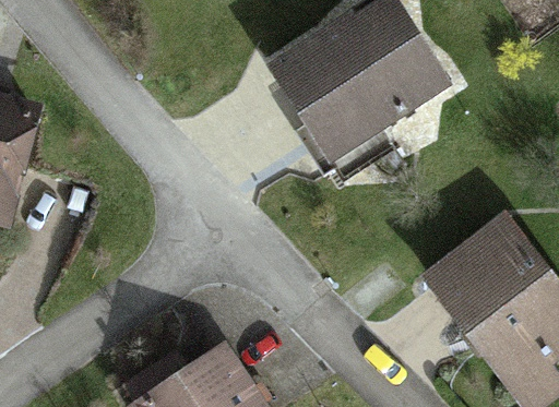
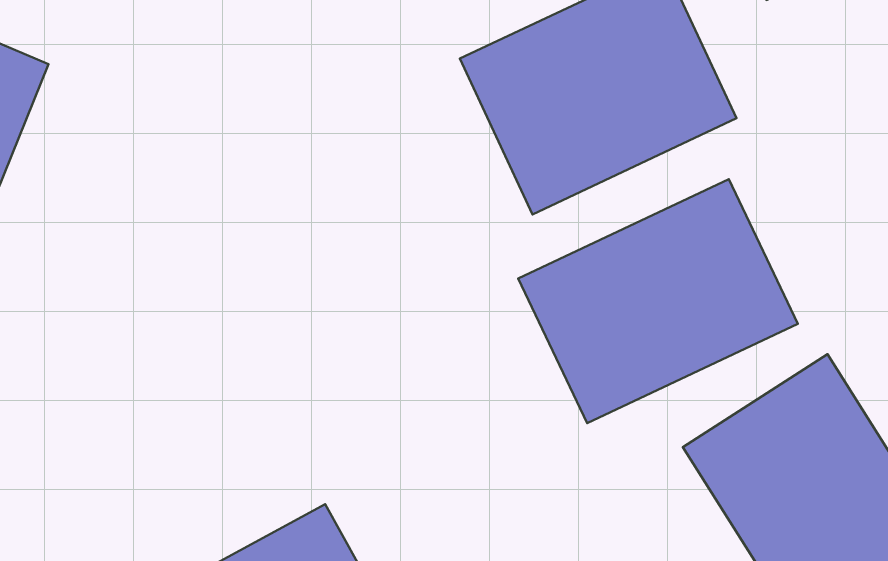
building: none -> [518,179,798,423]

